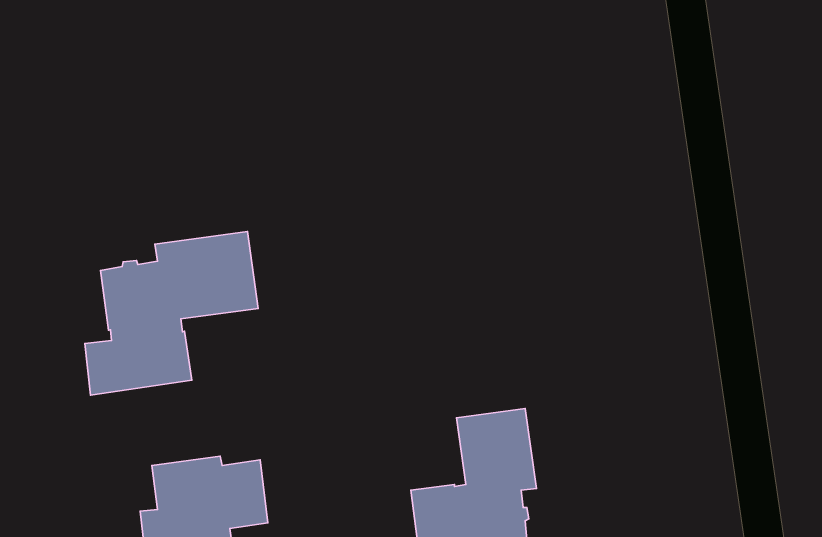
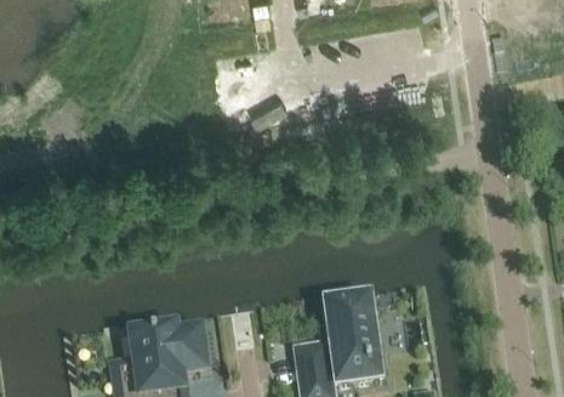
building: [85,232,258,395] -> none

